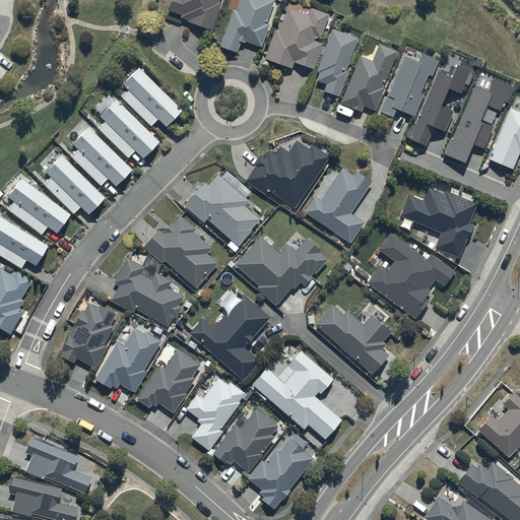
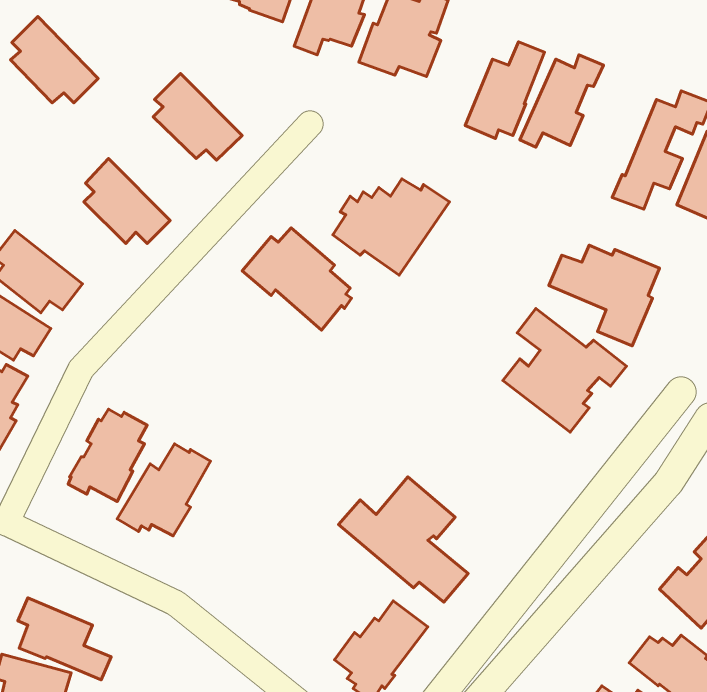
building: [317,28,356,98] -> none
building: [409,64,474,146] -> none
building: [98,98,159,158] -> [10,16,98,103]
building: [44,154,104,214] -> none
building: [303,168,371,243] -> none
building: [143,214,218,288] -> none
building: [228,236,328,305] -> none
building: [112,257,183,326] -> none
building: [189,294,271,381] -> none
building: [315,306,390,374] -> none
building: [136,348,200,412] -> none
building: [186,377,245,450] -> none
building: [212,407,278,472] -> none

